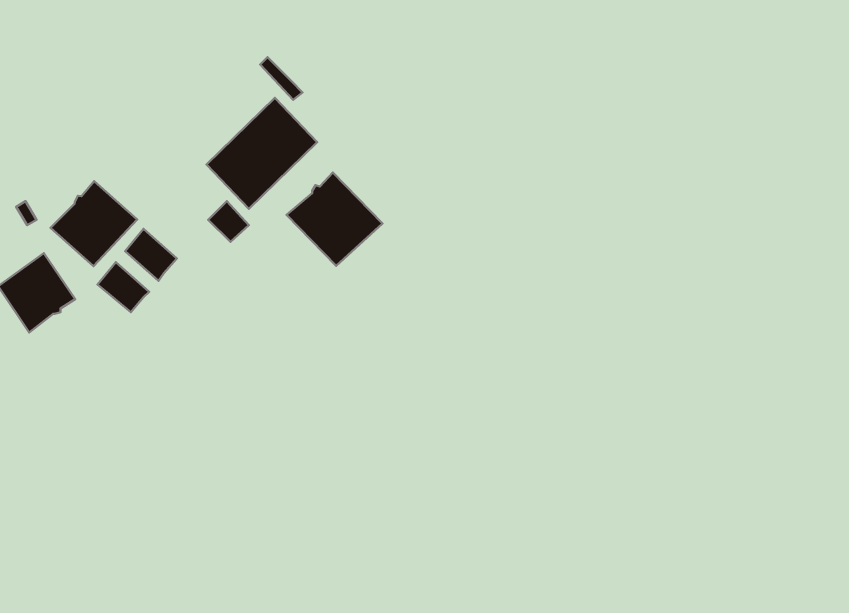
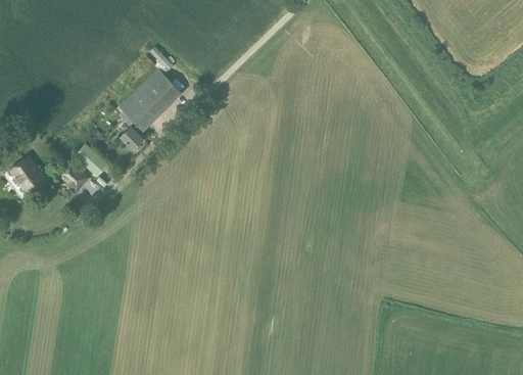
building: [286,172,383,266] -> none
building: [51,181,137,266] -> none

